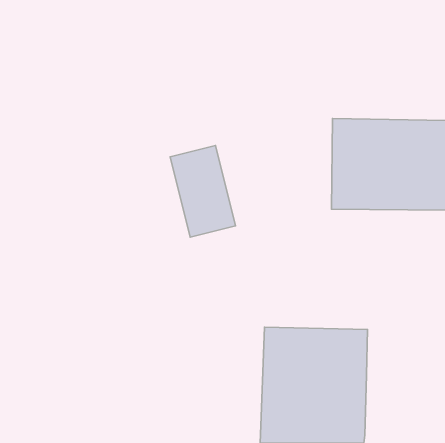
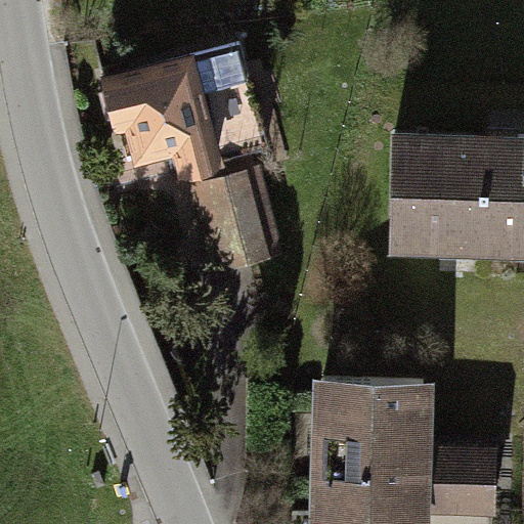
building: none -> [100,46,270,184]
building: none -> [429,440,503,514]

